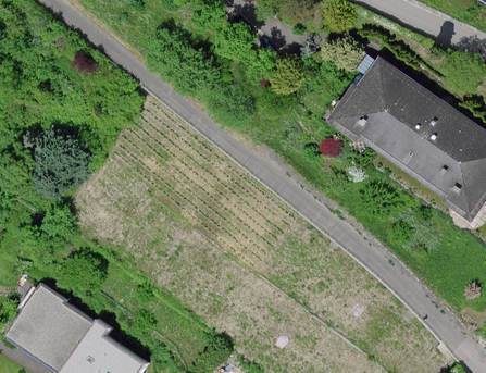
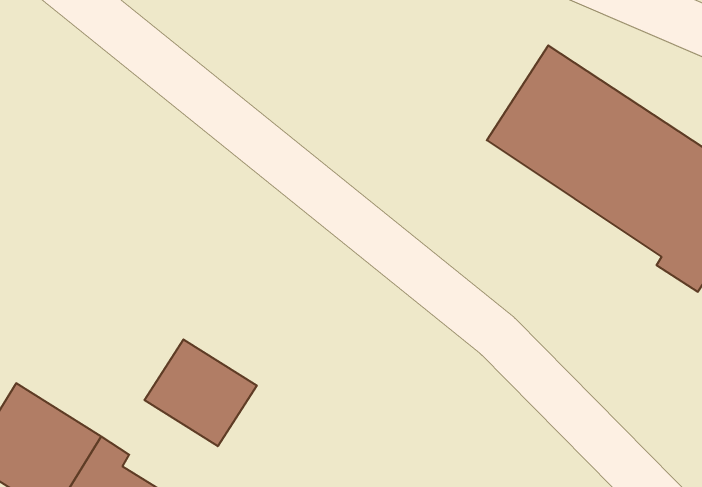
building: none -> [145,339,257,446]

